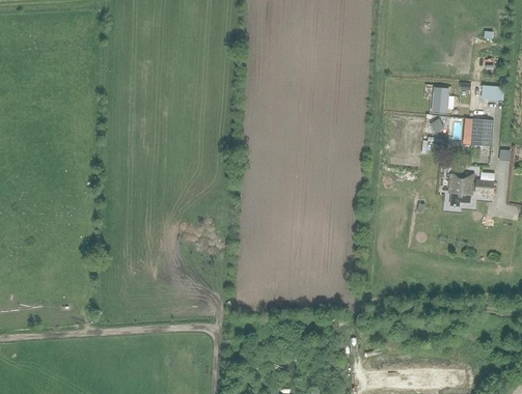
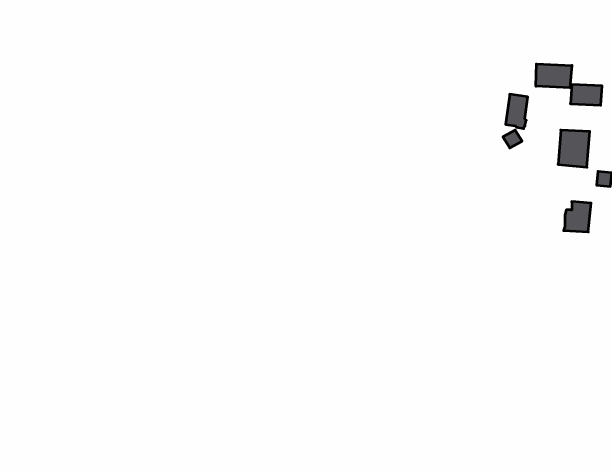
building: none -> [536,64,572,88]
building: [448,173,474,206] -> none

